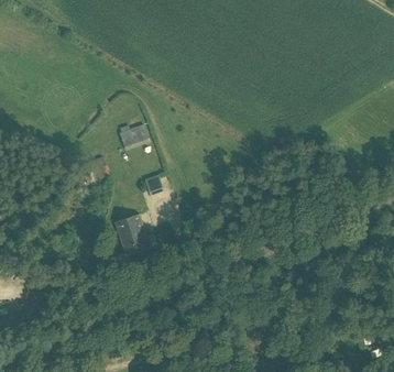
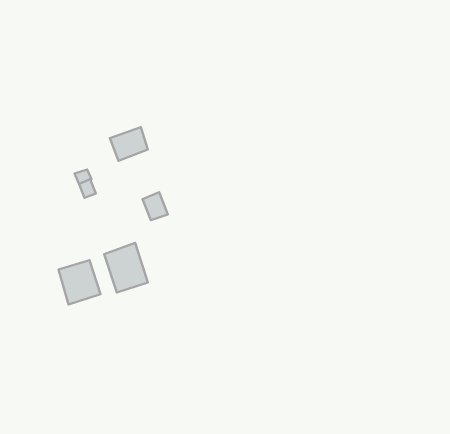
building: none -> [59,260,100,304]

